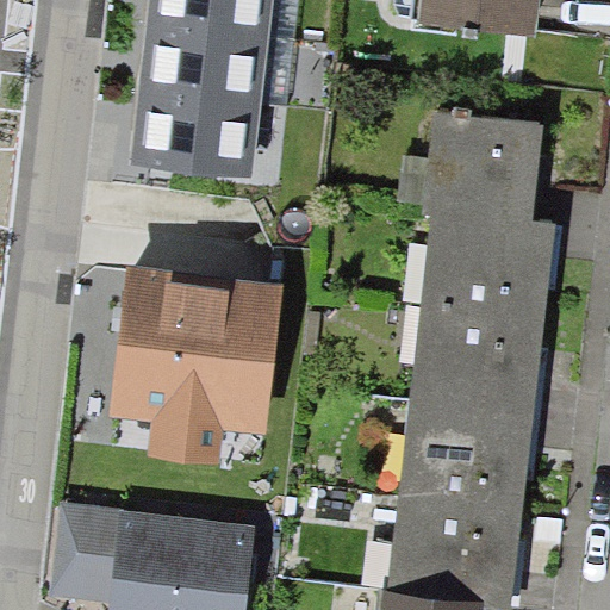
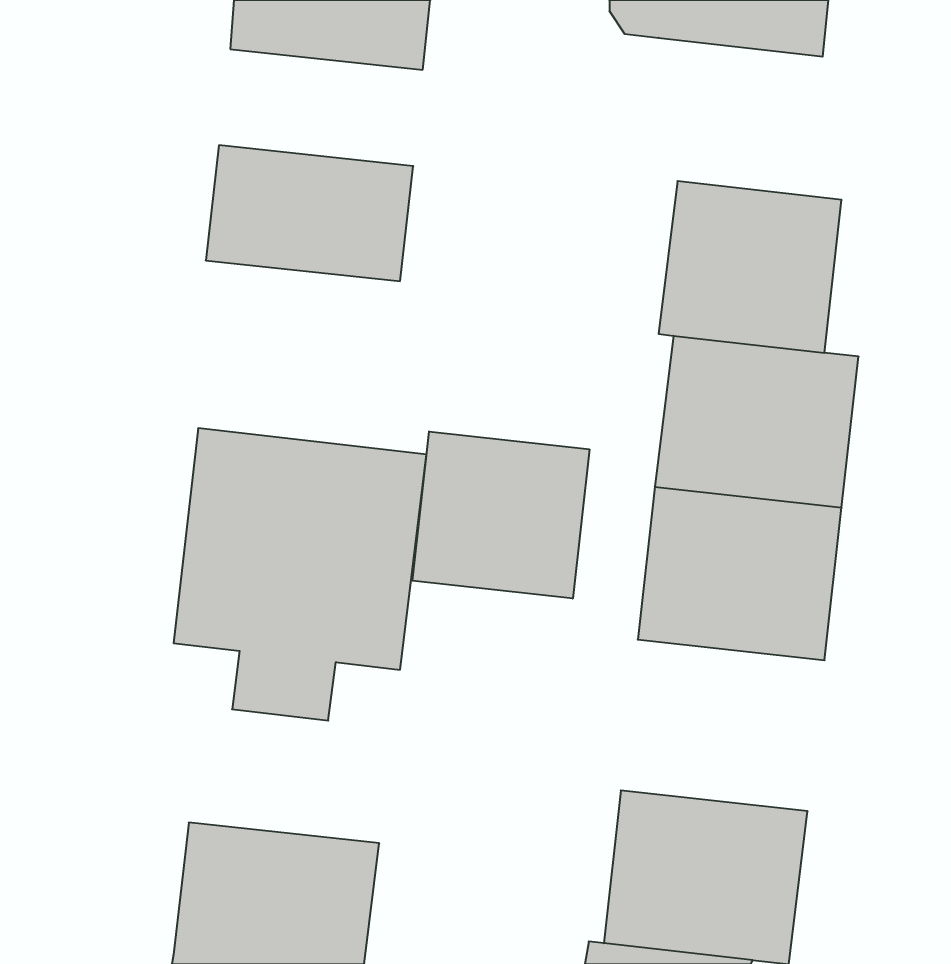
building: [147,31,275,105] -> none
building: none -> [412,431,589,599]
building: [400,404,529,512] -> none
building: [52,512,127,603] -> none

